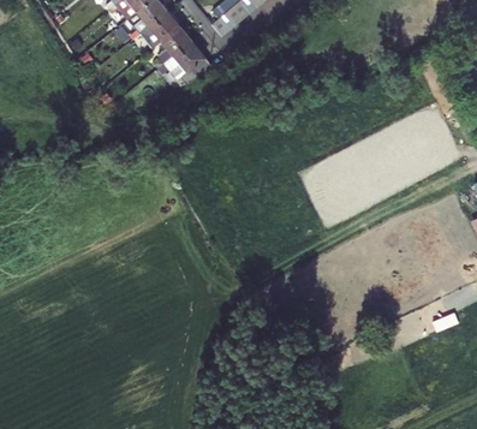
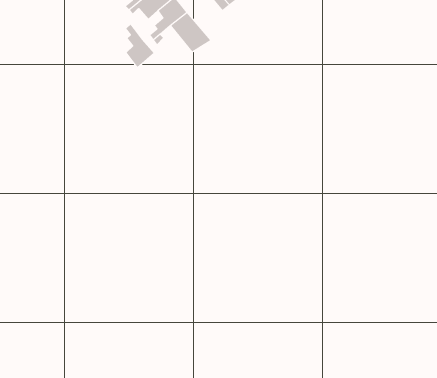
building: none -> [125,24,154,68]

